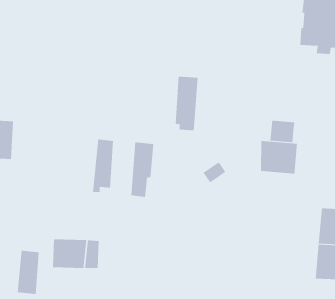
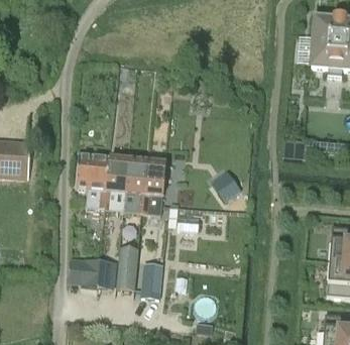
building: [175,76,198,131] -> [127,159,150,213]
building: none -> [79,153,114,210]
building: [260,140,297,174] -> none
building: none -> [140,262,163,299]
building: [17,250,40,294] -> [116,246,138,290]

